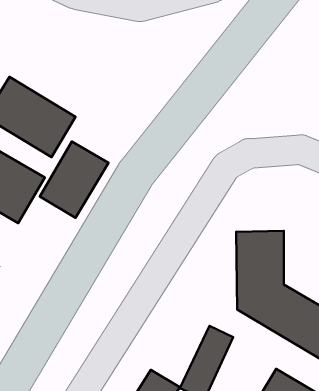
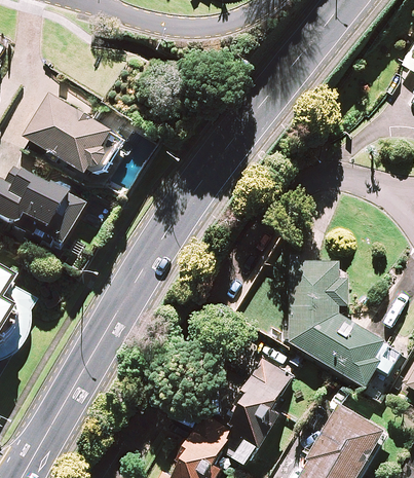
building: [40,142,108,218] -> none

